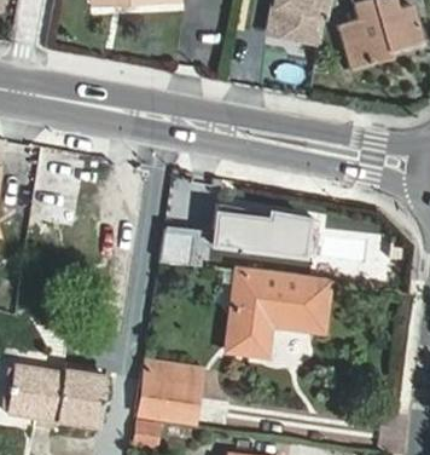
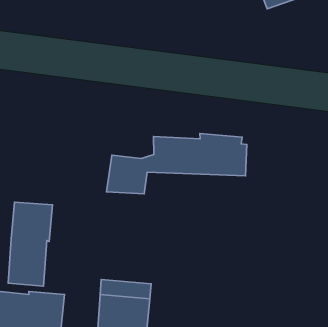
building: none -> [8,202,53,286]
building: [226,271,329,357] -> none

